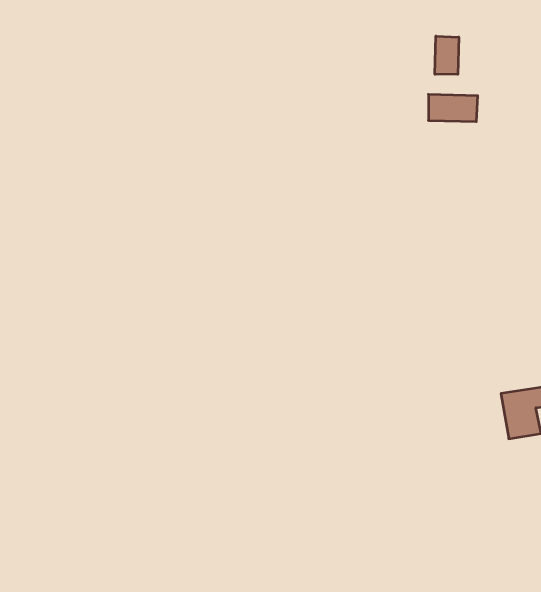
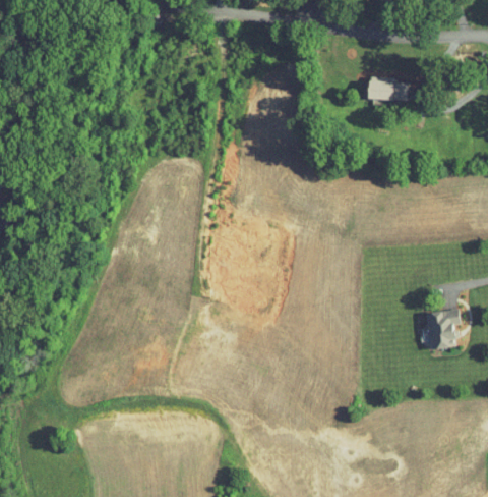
building: [435,36,459,74] -> none

